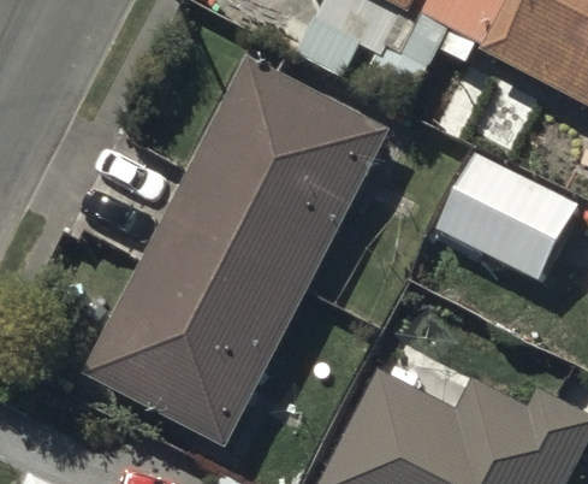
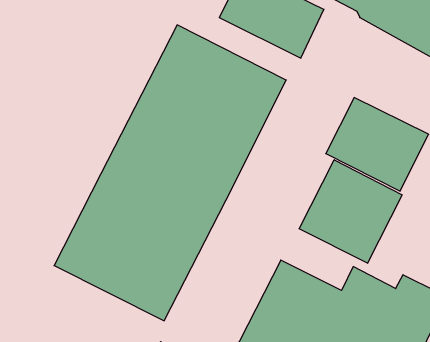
building: none -> [299,160,402,263]

